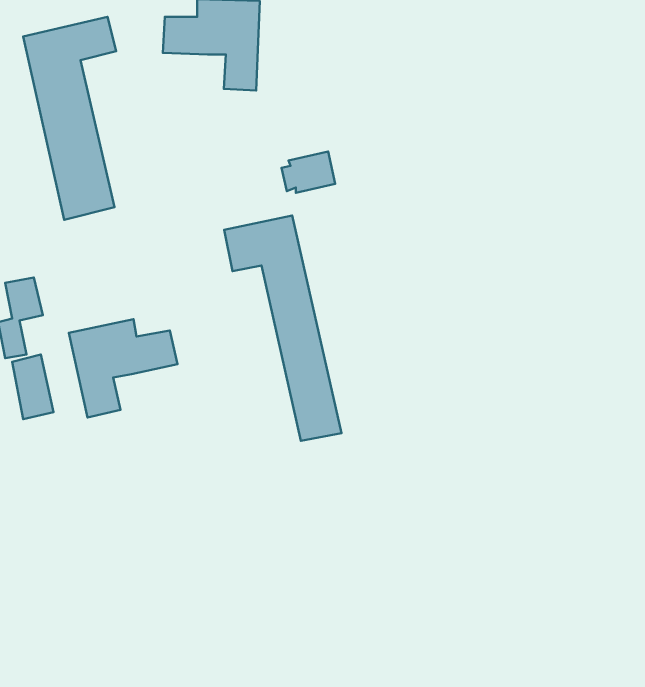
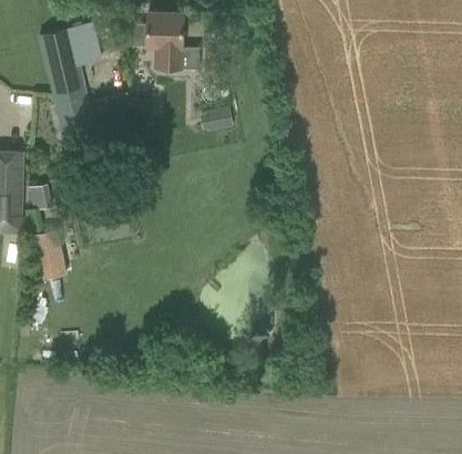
building: [224,215,342,441] -> none
building: [69,319,178,418] -> none

